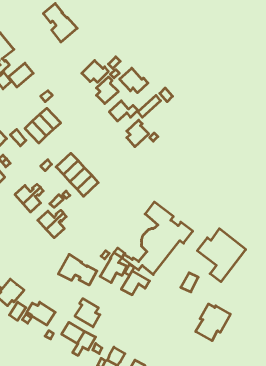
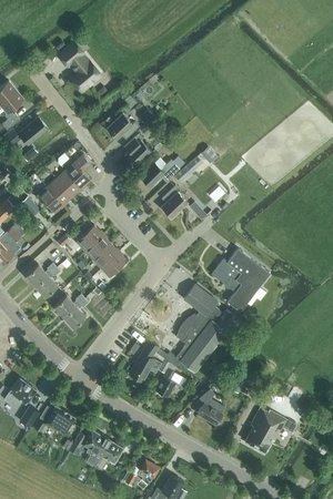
building: [120,68,148,93] -> none
building: none -> [64,154,91,189]
building: [197,229,246,282] -> [211,247,270,312]
building: [58,254,97,285] -> none
building: none -> [198,389,224,424]
building: [75,299,100,327] -> none

